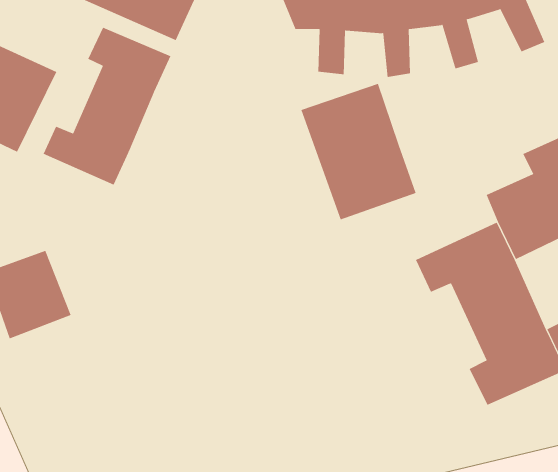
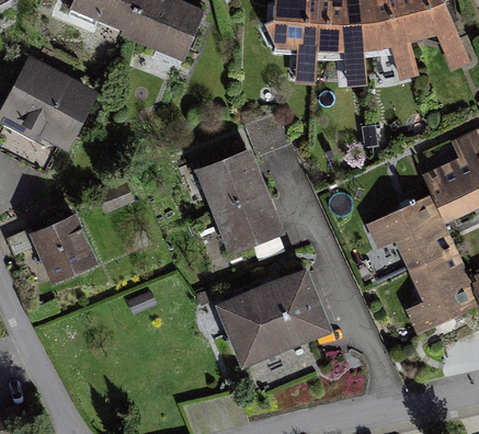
building: [43,27,171,186] -> none
building: [301,83,417,220] -> [196,152,286,259]
building: none -> [217,274,331,373]

